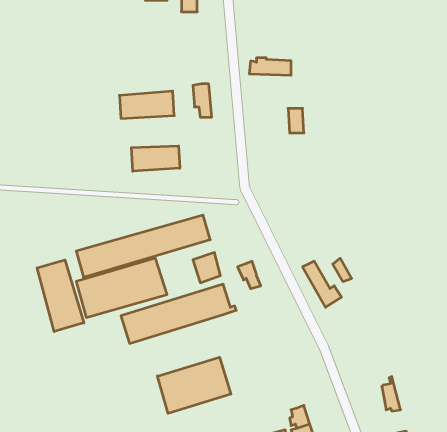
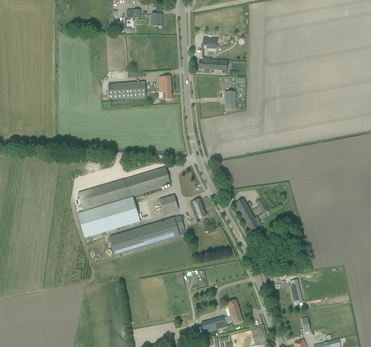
building: [131,146,180,171] -> none
building: [37,260,84,332] -> none
building: [157,357,231,413] -> none

